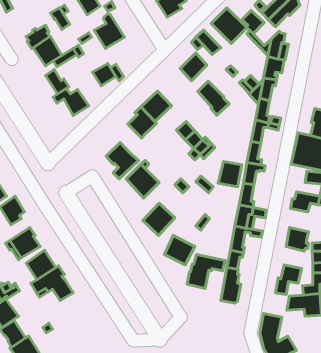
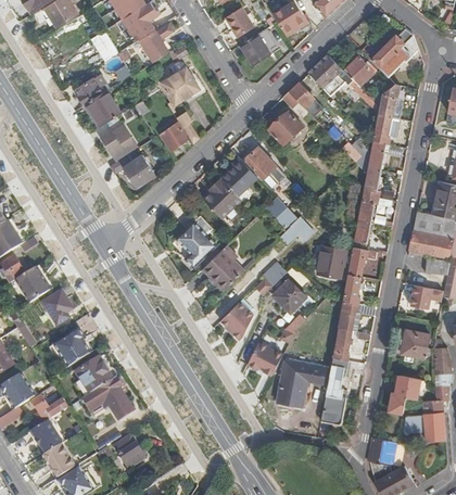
building: [198,81,229,115] -> [244,145,283,188]
building: none -> [271,278,305,312]
building: none -> [115,436,145,468]

